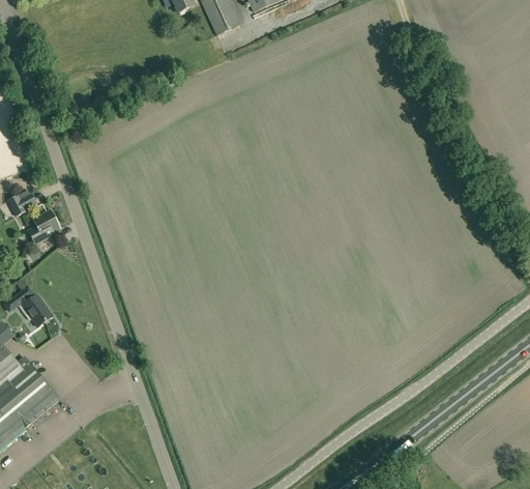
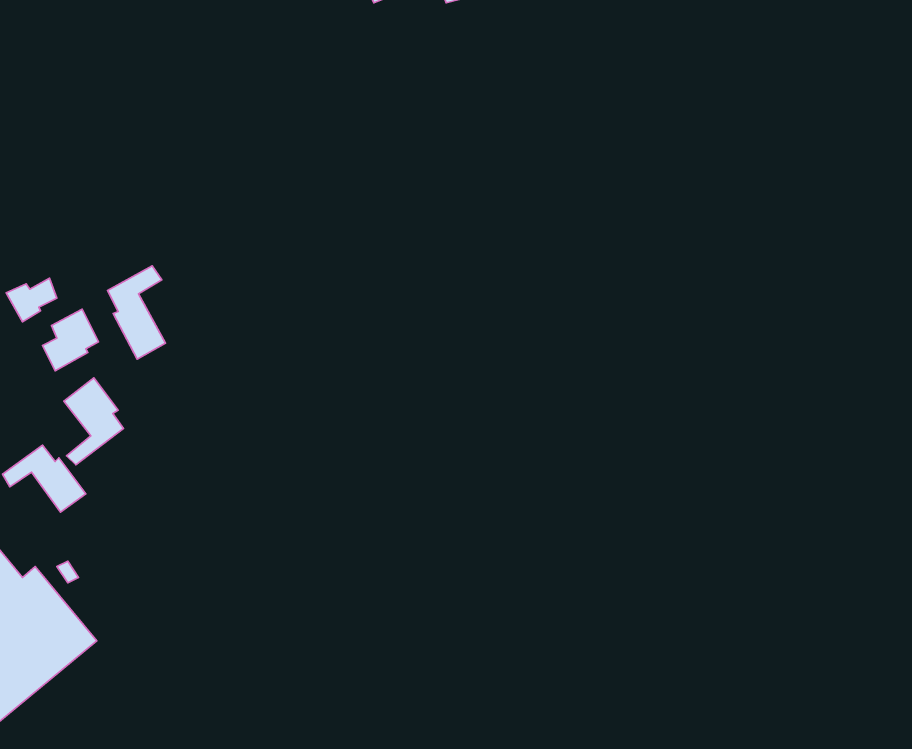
building: none -> [107,266,166,359]
building: none -> [64,378,123,465]

